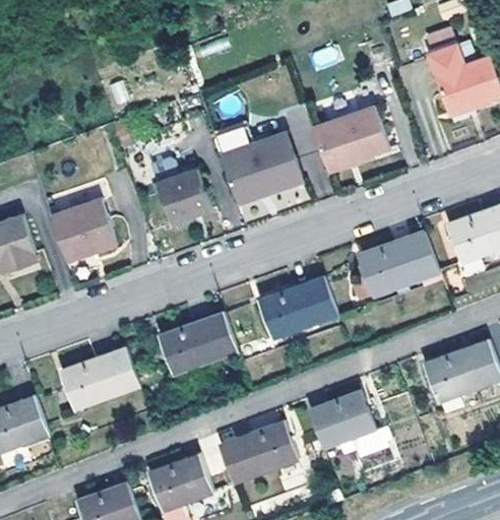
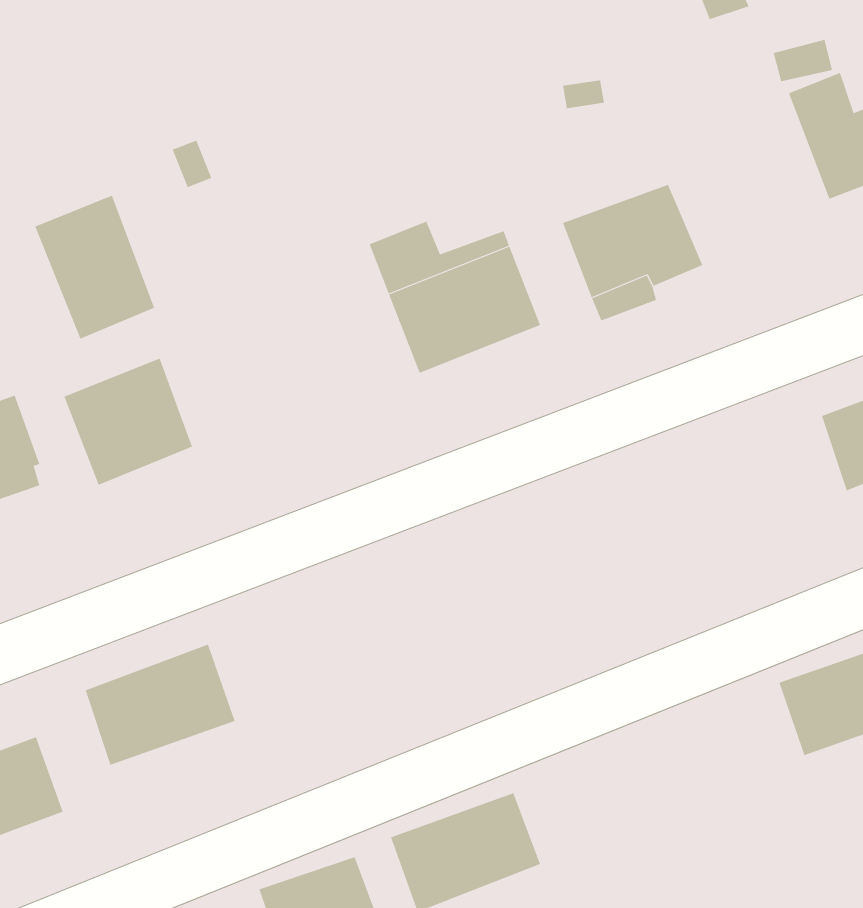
building: none -> [35,195,155,339]
building: [151,156,212,221] -> none
building: [359,234,437,296] -> none
building: [257,276,337,339] -> none
building: [159,312,238,375] -> none
building: [311,393,377,451] -> none

